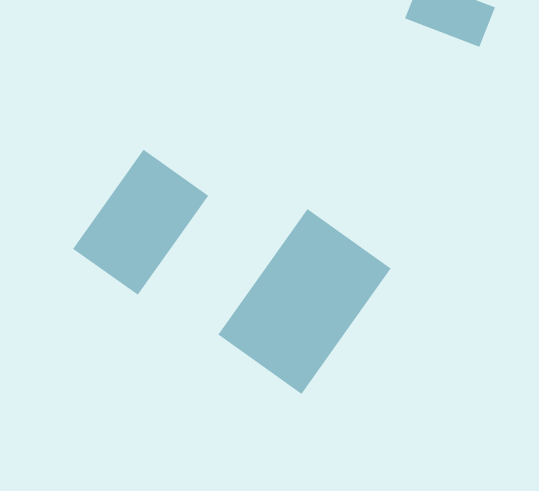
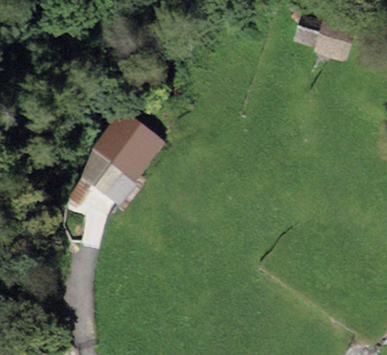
building: [218,208,392,395] -> none

